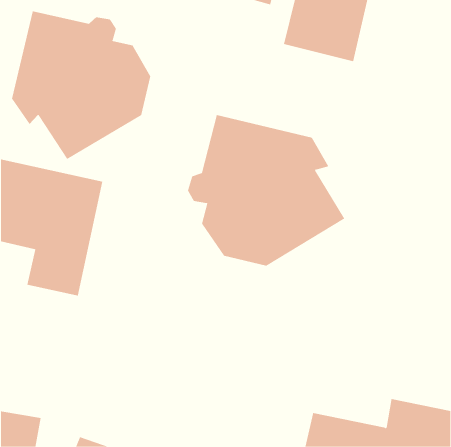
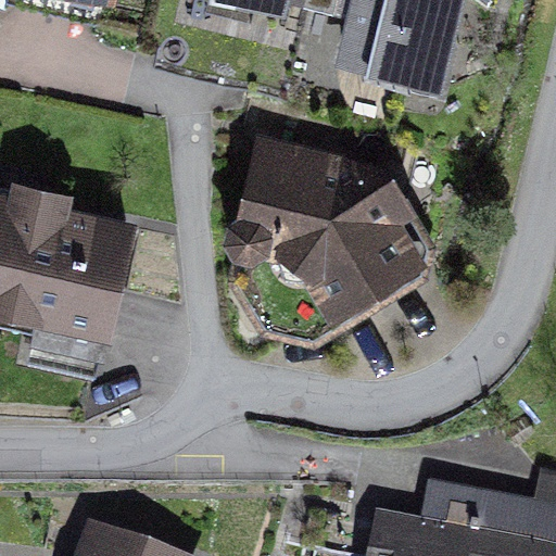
building: [12,11,151,160] -> none

